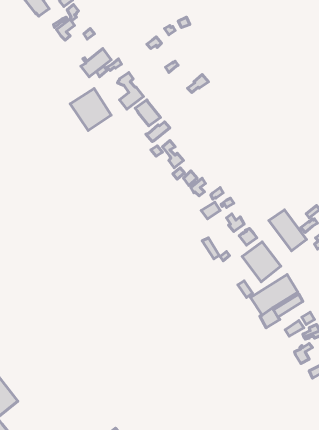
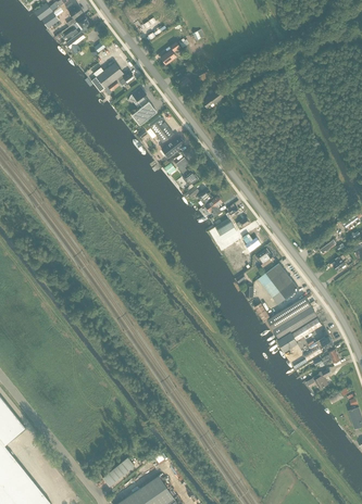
building: [70,89,111,131] -> none
building: [269,210,306,251] -> none

